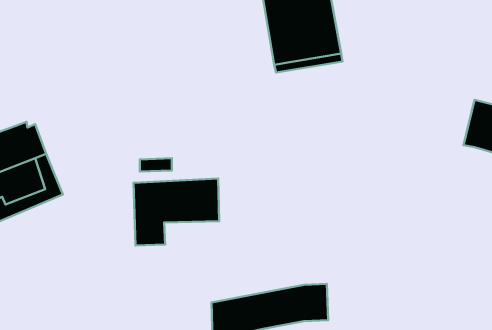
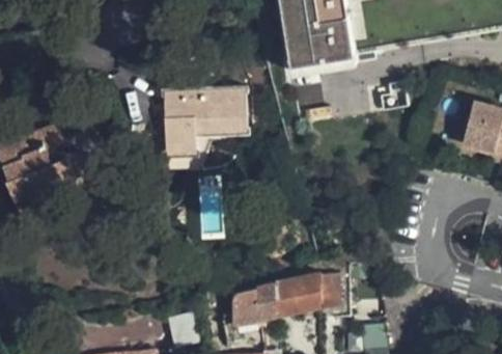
building: [133,178,219,246] -> [160,88,241,152]

